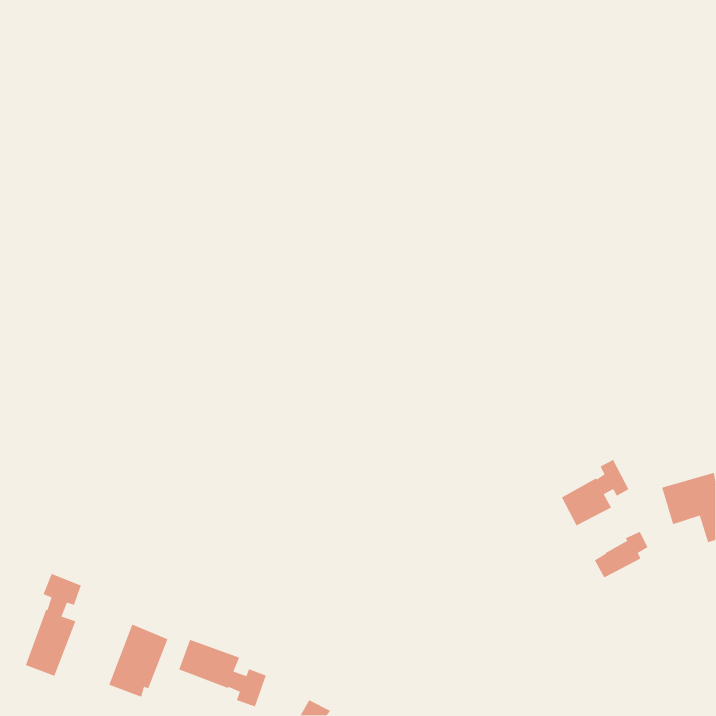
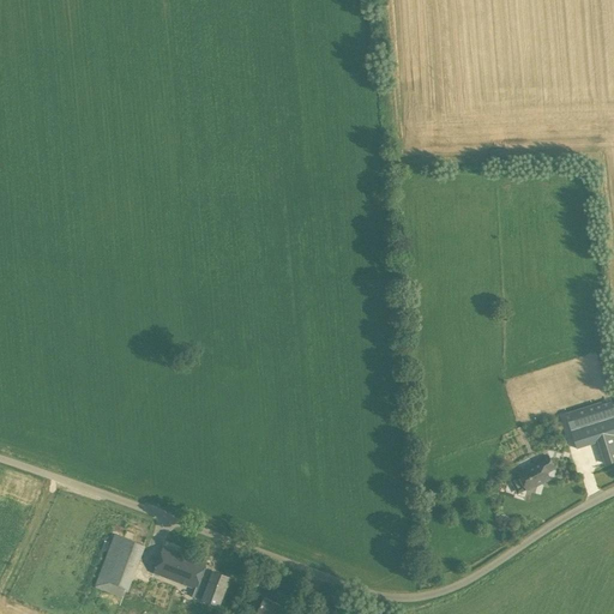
building: [561,459,629,527] -> none
building: [25,573,82,677] -> none

